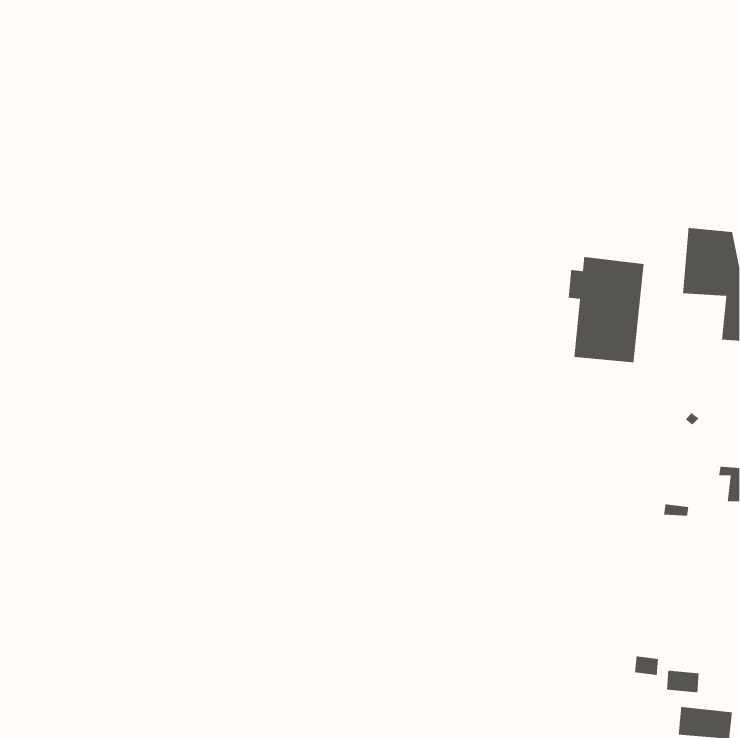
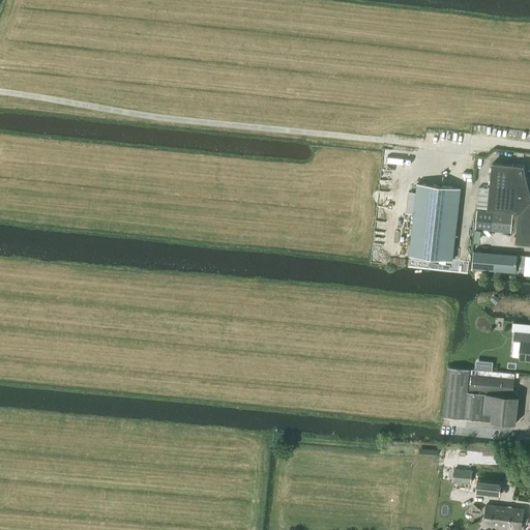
building: none -> [491,213,513,234]
building: none -> [472,253,518,273]
building: none -> [443,369,519,425]

